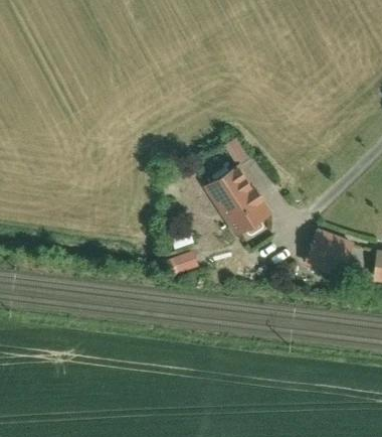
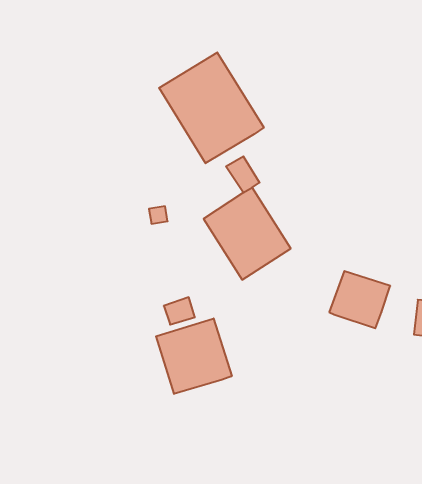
building: none -> [159,52,264,163]
building: none -> [156,318,232,394]

